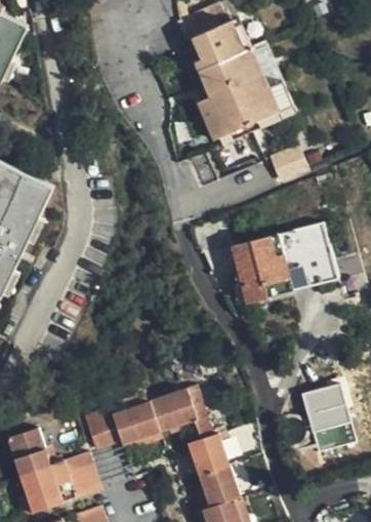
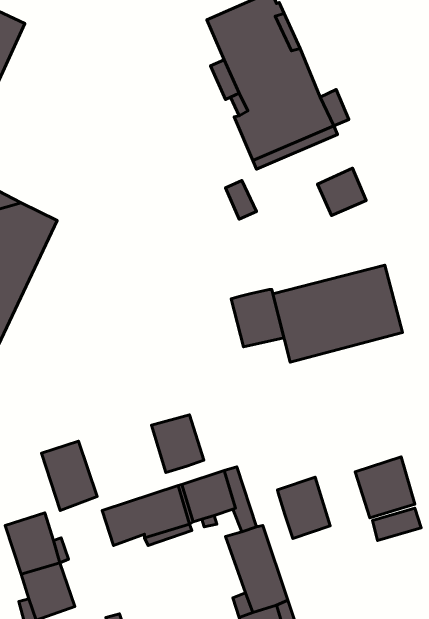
building: none -> [231,290,284,347]
building: none -> [152,415,204,472]
building: none -> [42,441,97,510]
building: none -> [278,477,330,538]
building: [69,454,106,498] -> none

